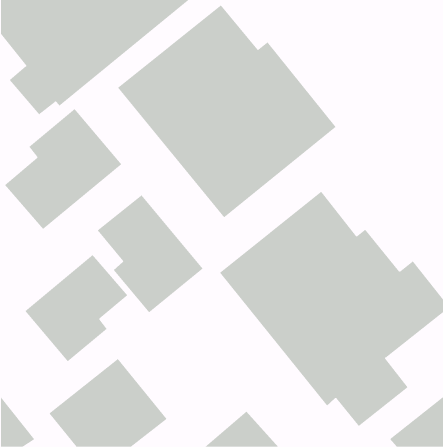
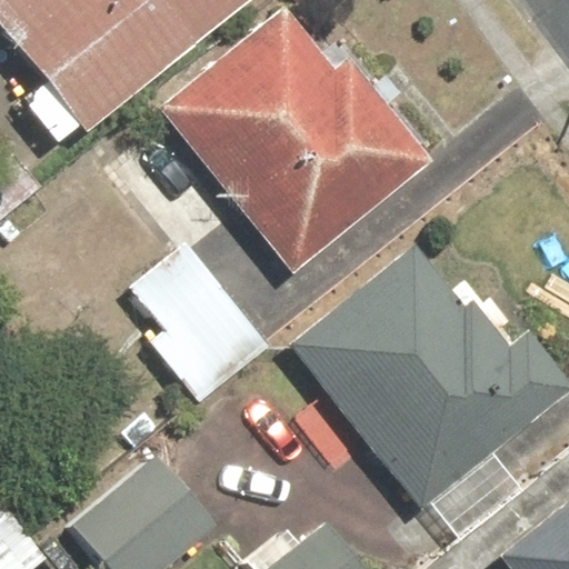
building: [4,108,122,230] -> none
building: [24,254,128,362] -> none

